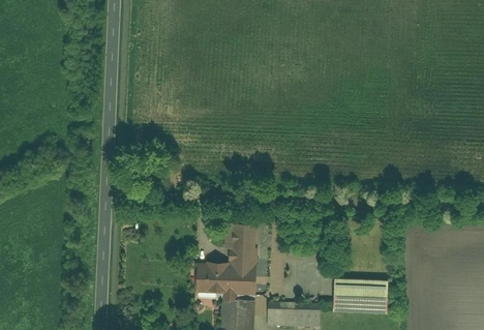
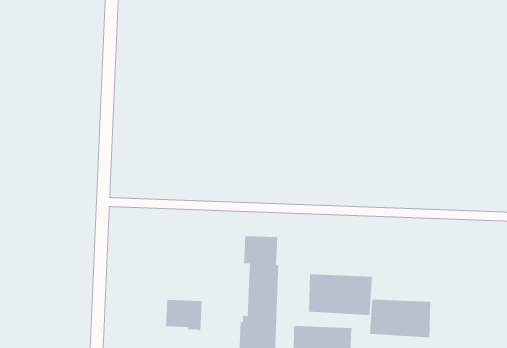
building: none -> [308,274,373,316]
building: [198,266,230,294] -> [165,299,202,331]

